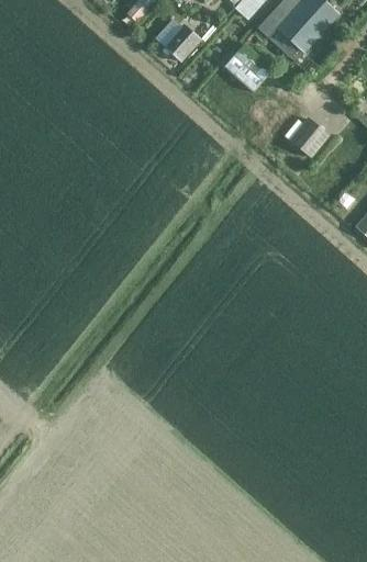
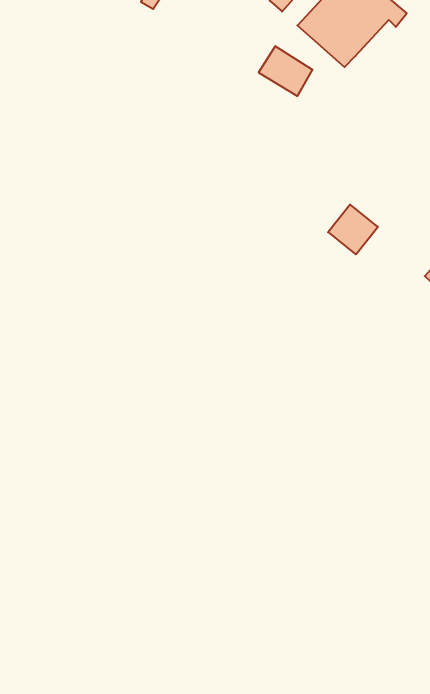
building: [162,20,201,59] -> none
building: [288,117,327,157] -> [328,205,378,254]

